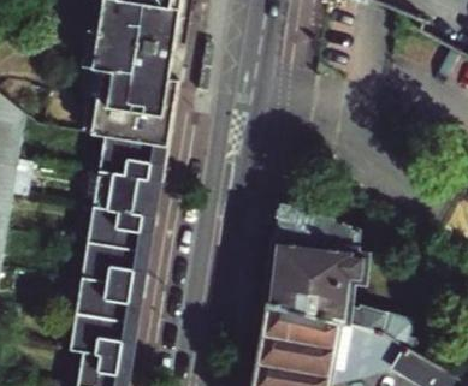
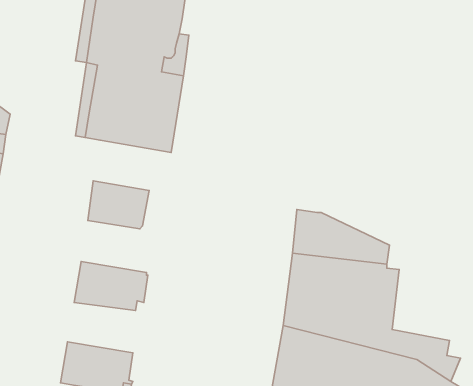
building: [100,141,168,188] -> none
building: [89,212,155,257] -> none
building: [77,284,140,328] -> none

